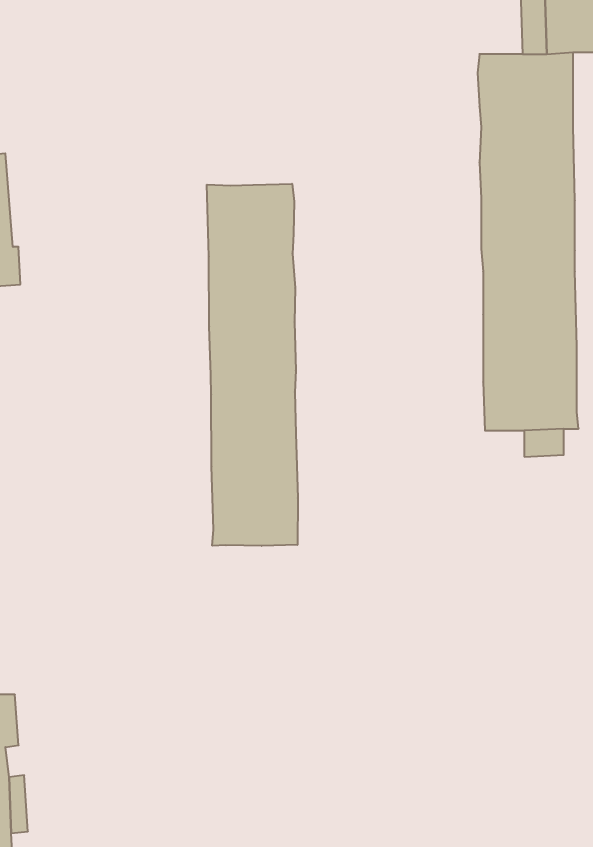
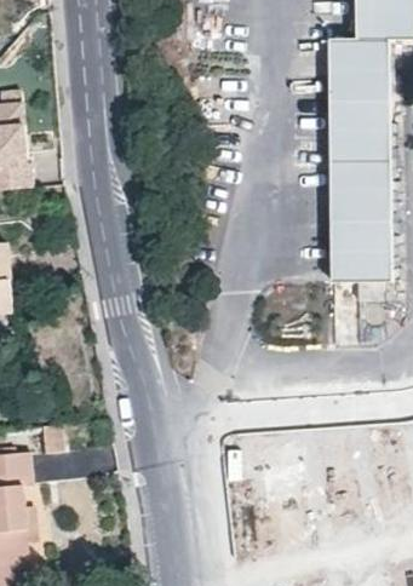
building: [207,184,298,546] -> none

